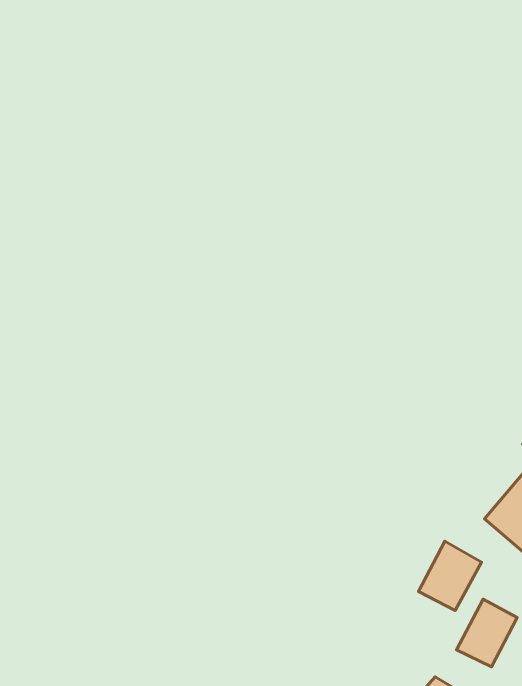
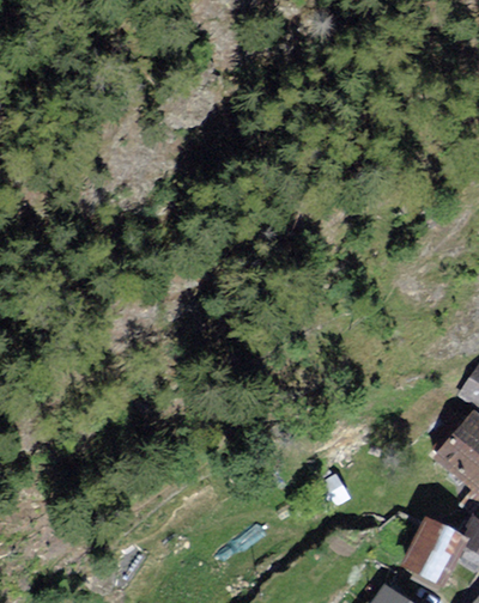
building: [418,541,481,610] -> none

